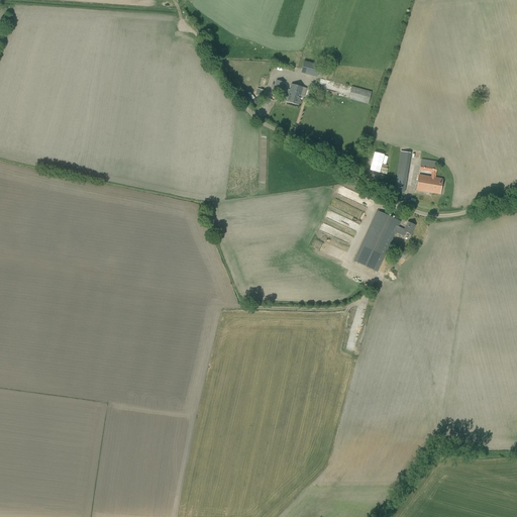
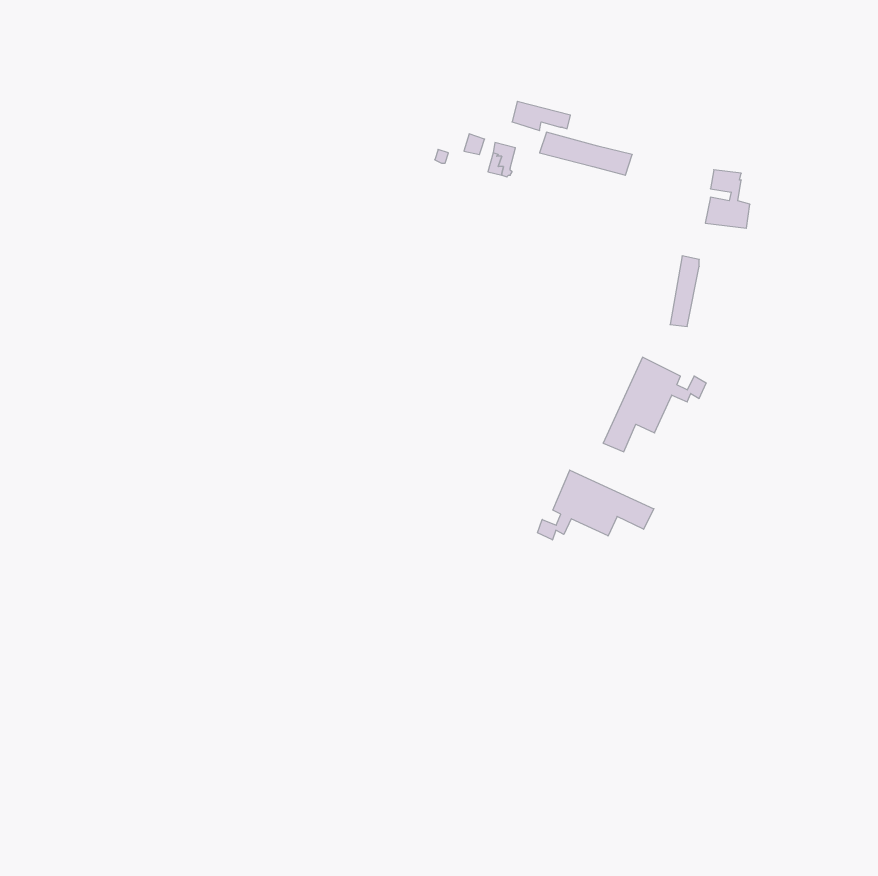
building: [416,159,442,193] -> [705,170,750,228]
building: none -> [537,470,654,540]

